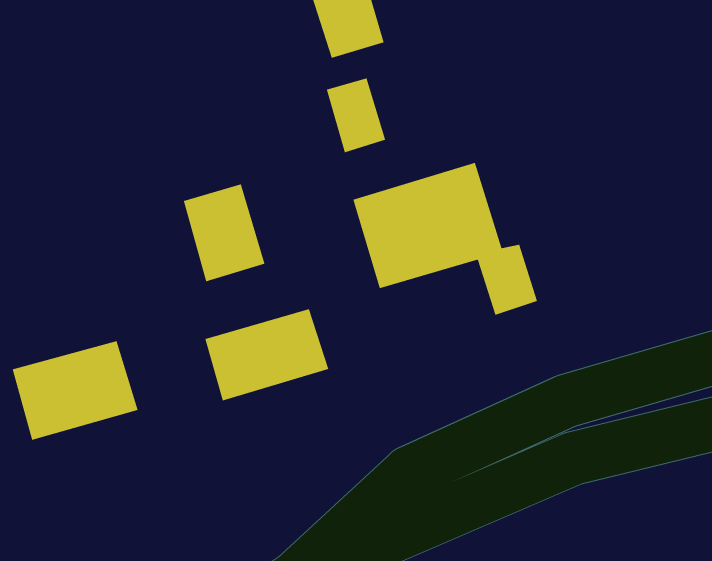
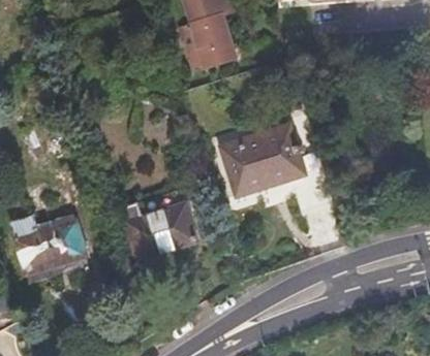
building: [326,77,386,153] -> none
building: [183,184,265,282] -> none

